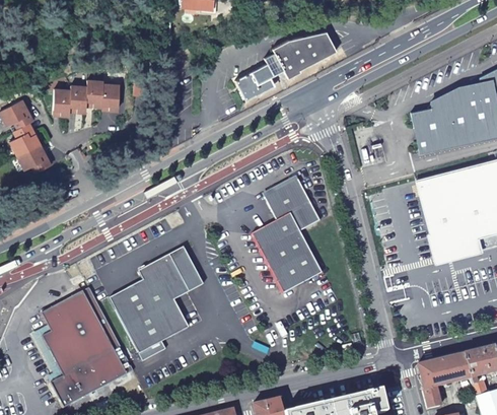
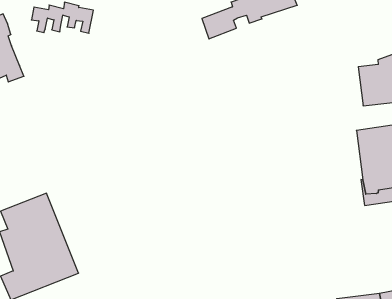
building: [254,179,325,293] -> none
building: [111,247,204,362] -> none

